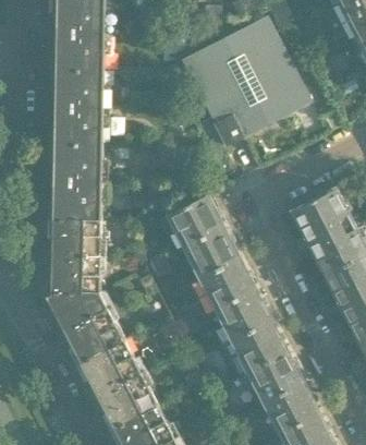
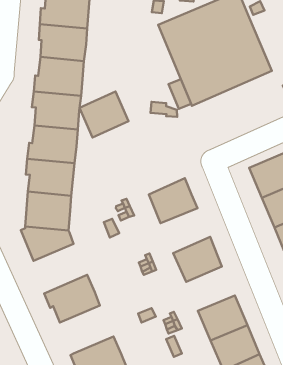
building: [167,193,221,245] -> [80,91,128,138]
building: [198,256,254,308] -> none
building: [62,305,122,362] -> none
building: [231,318,285,369] -> none
building: [96,371,156,428] -> none

